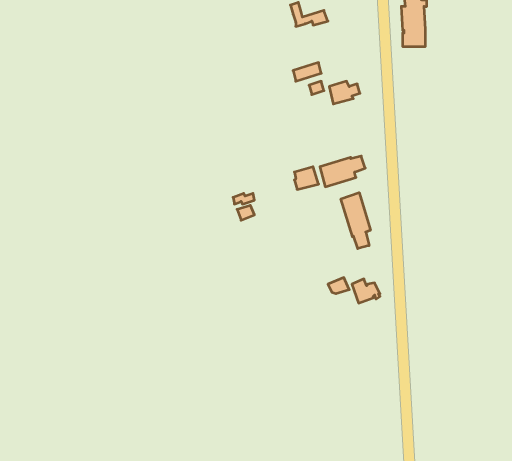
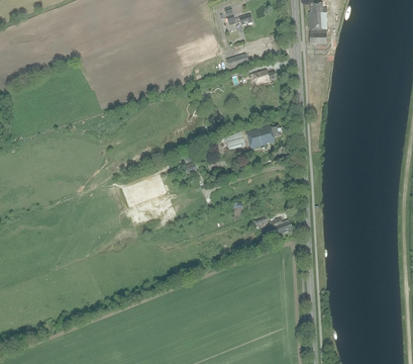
building: [341,193,370,249] -> none

